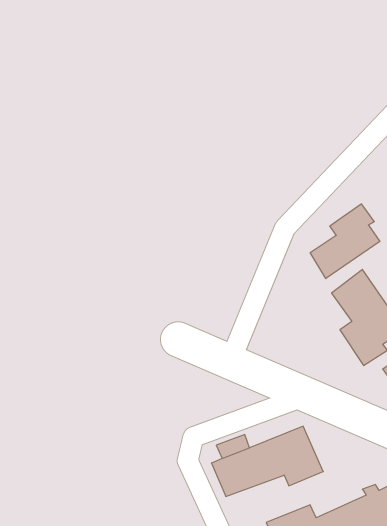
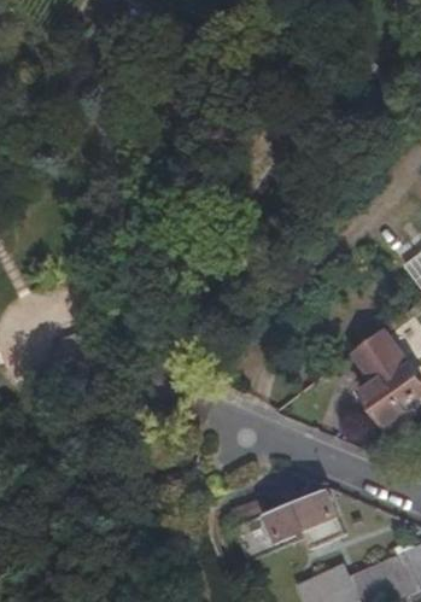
building: [310,204,380,279] -> none

